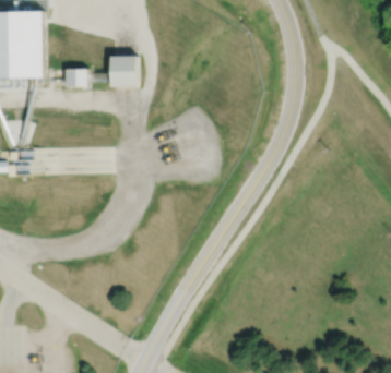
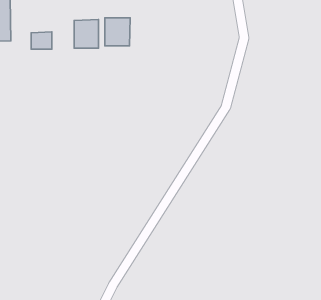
building: none -> [105,18,130,46]

